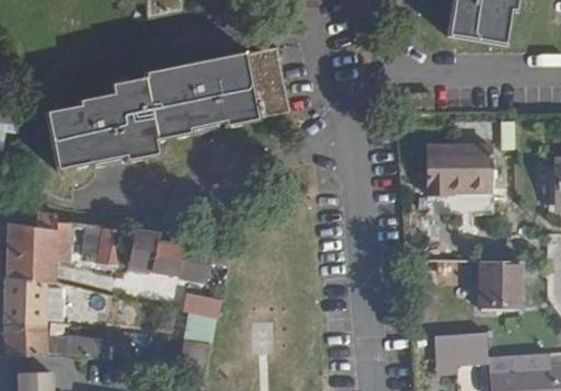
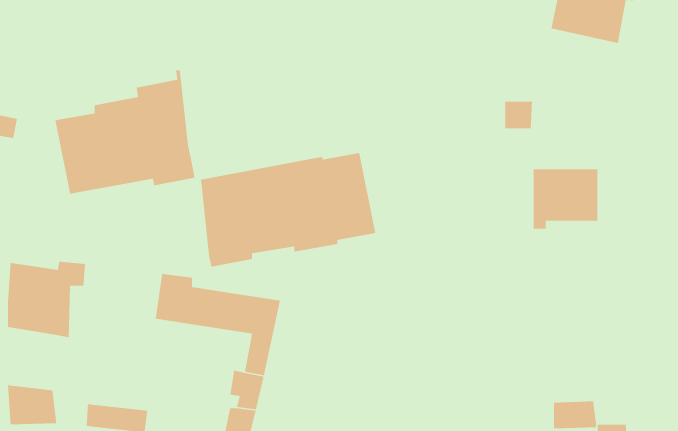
building: [147,47,289,140] -> [200,152,376,268]
building: [83,228,119,267] -> none
building: [479,263,518,308] -> none
building: [7,277,46,327] -> none

